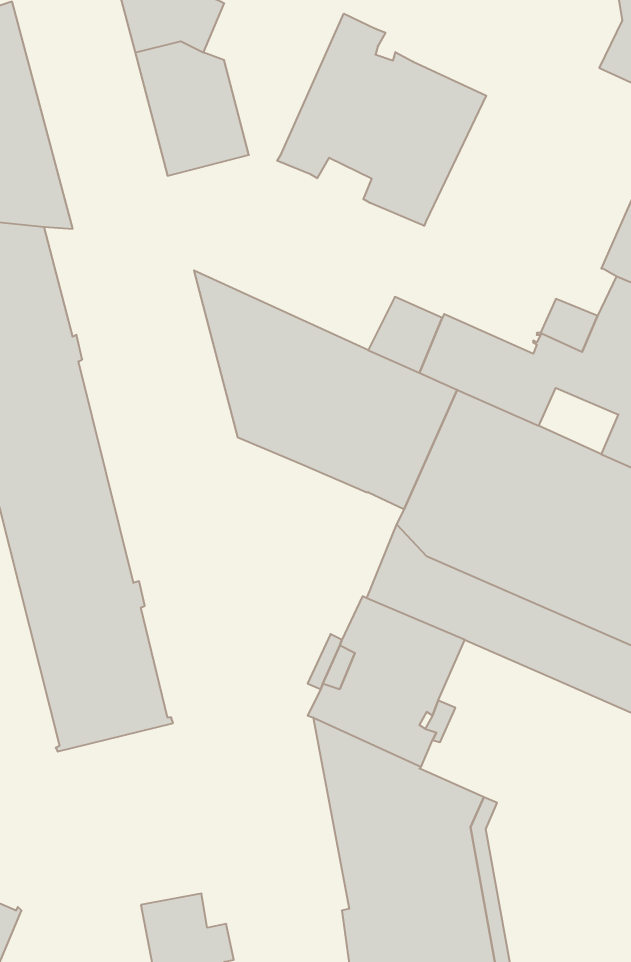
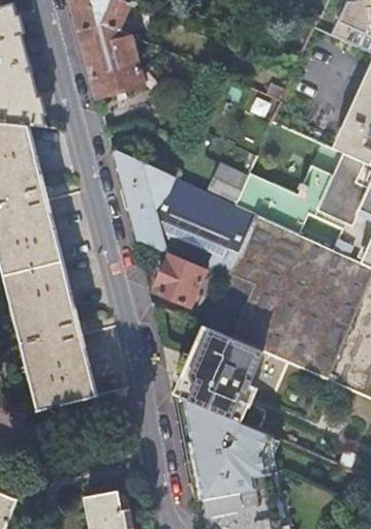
building: [277,14,486,226] -> none
building: none -> [156,255,206,308]

